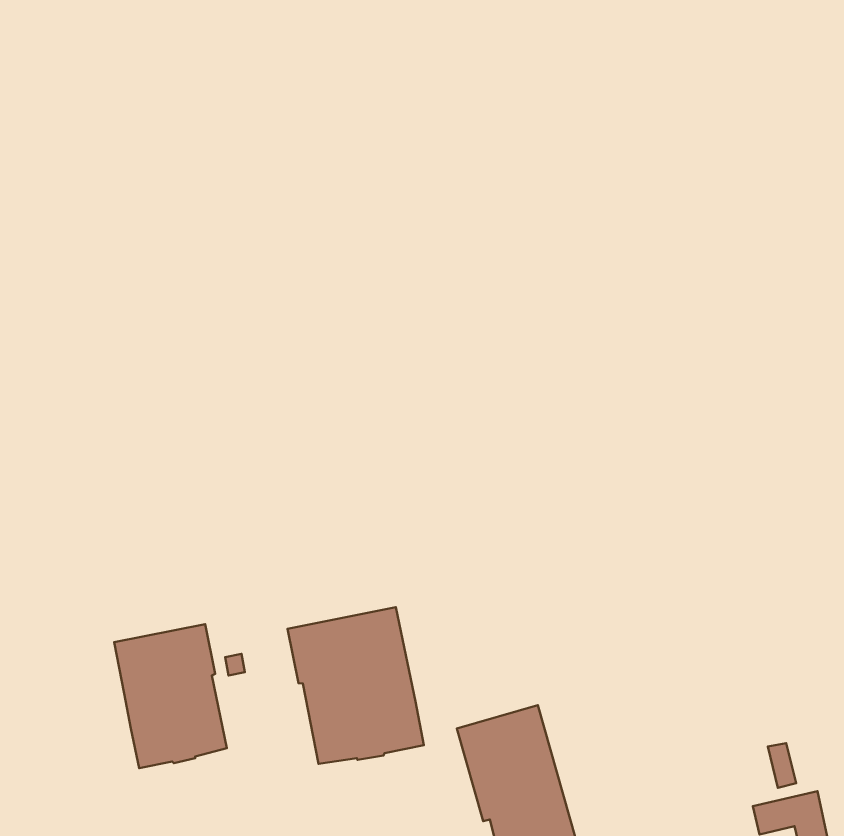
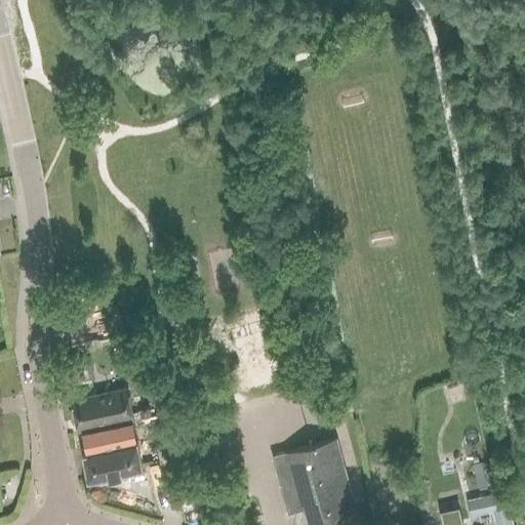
building: [288,607,424,764] -> none

